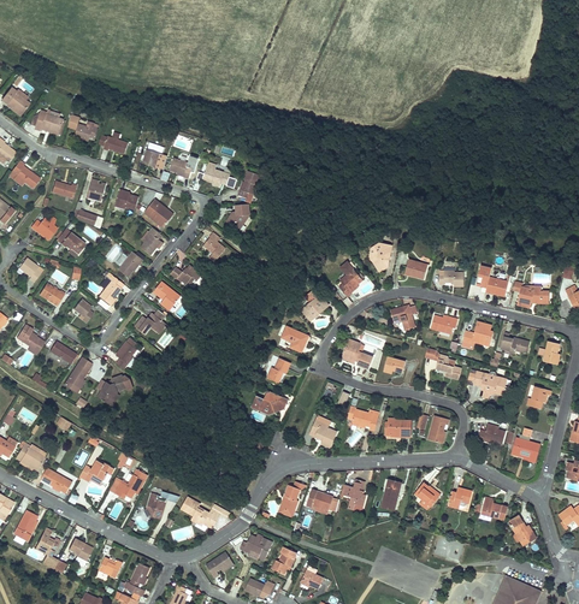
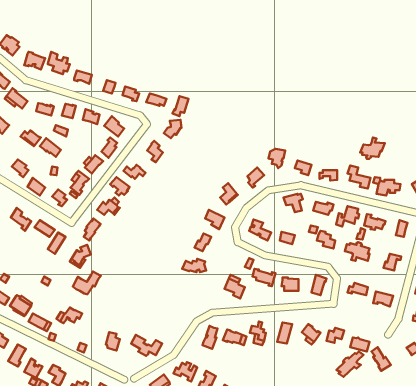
building: none -> [360,138,385,159]
building: [108,469,147,501] -> [73,271,101,294]
building: none -> [336,352,364,377]

